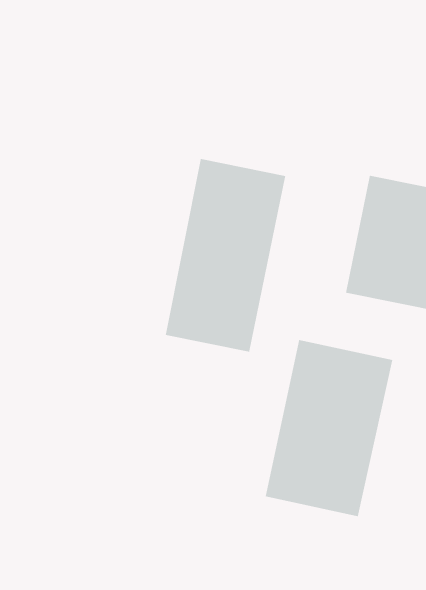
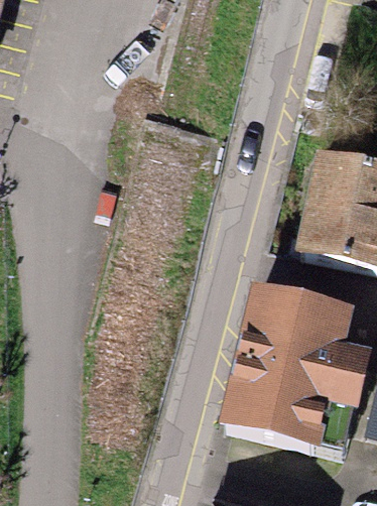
building: [165,158,286,352] -> none

